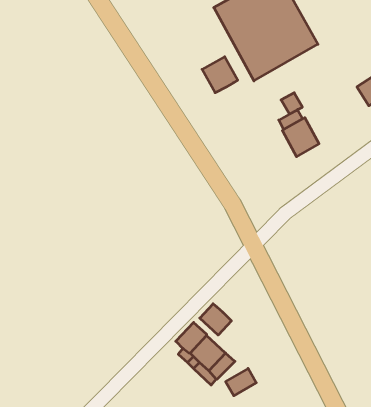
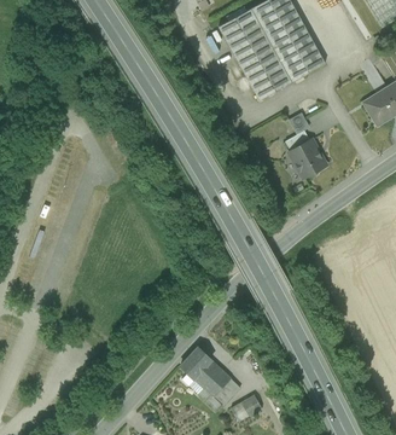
building: [202,57,238,93] -> none
building: [200,304,231,335] -> none

